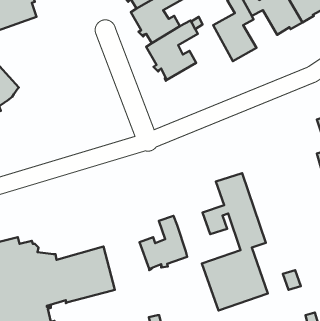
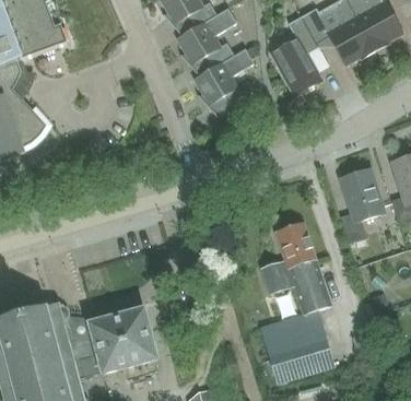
building: none -> [340,168,385,243]
building: [140,216,187,270] -> none

